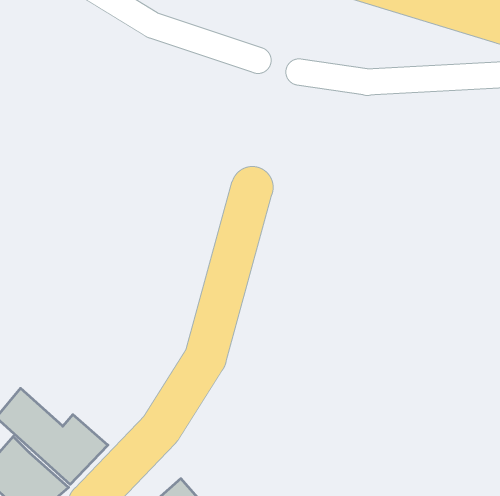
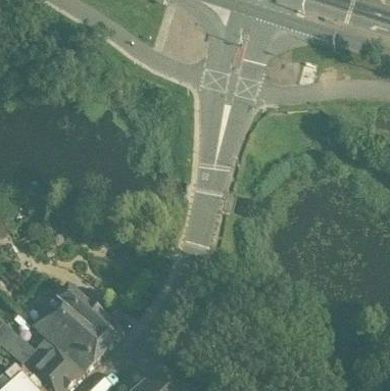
building: none -> [47,282,120,342]

